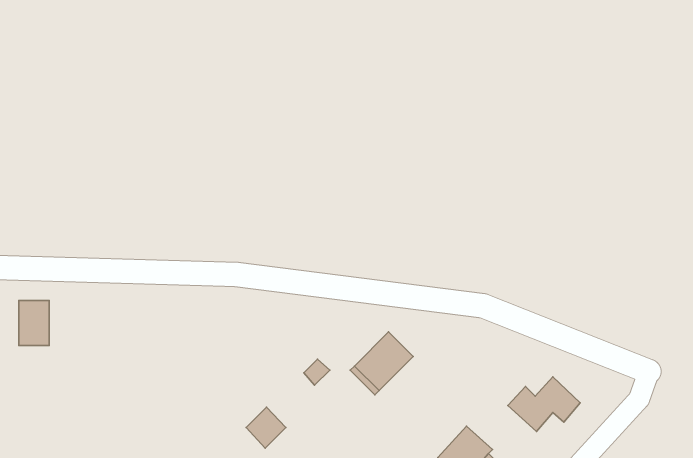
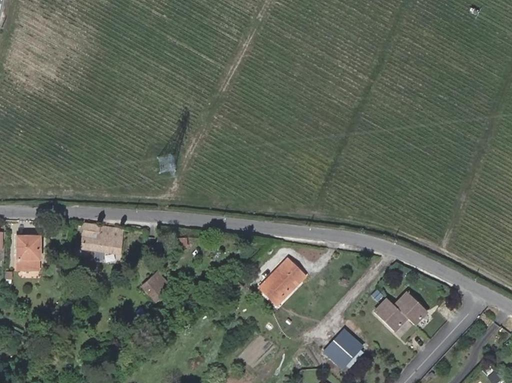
building: none -> [80,224,122,253]
building: [246,407,286,448] -> [141,271,170,301]

